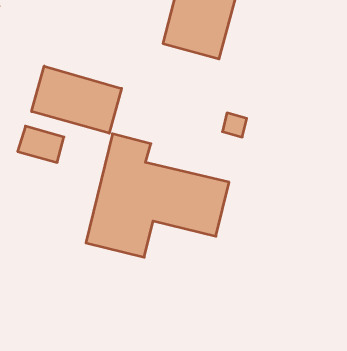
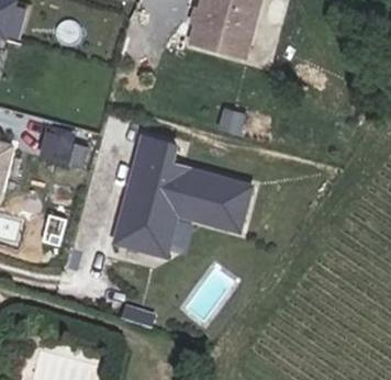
building: [32,66,122,133] -> none

